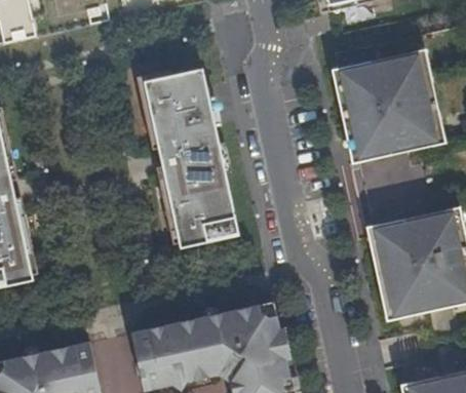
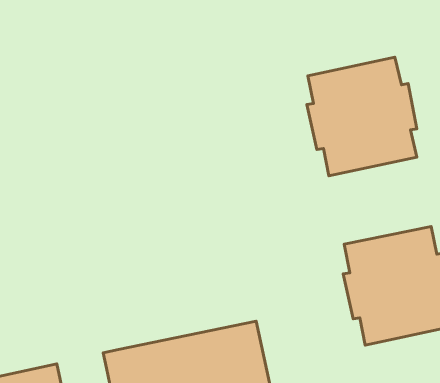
building: [141,63,243,246] -> none

